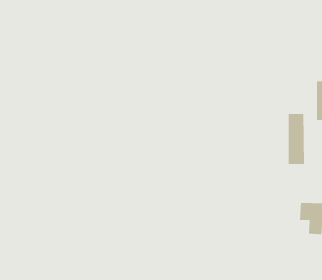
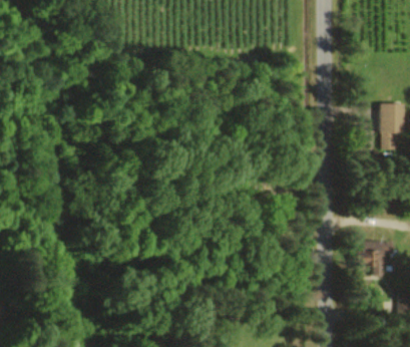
building: [288,113,305,165] -> none

